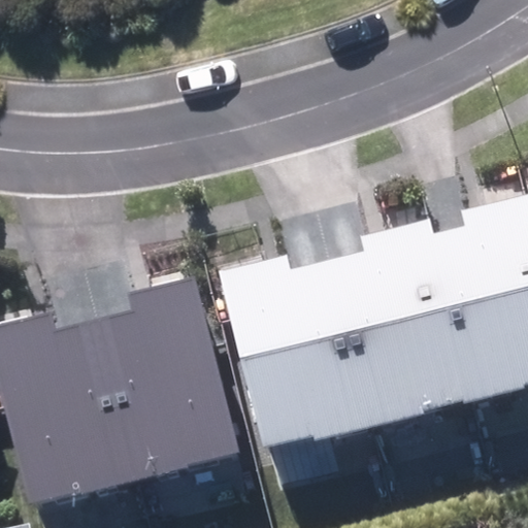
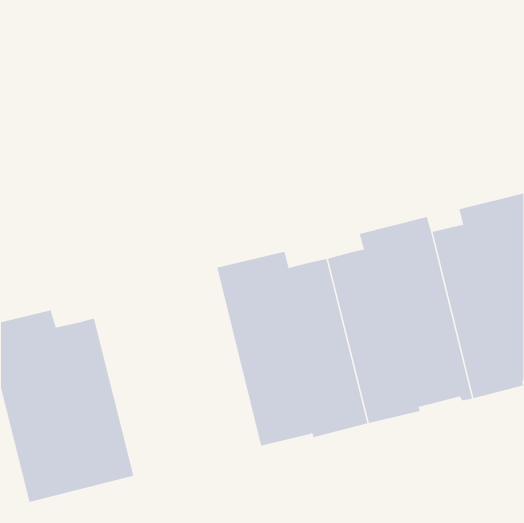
building: [95,278,239,480] -> none

